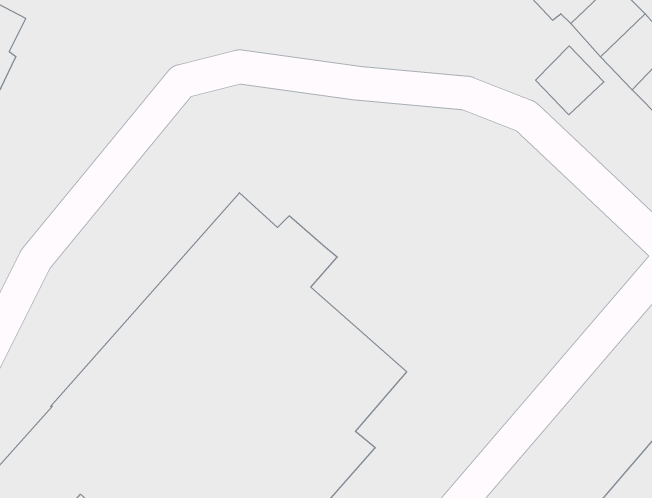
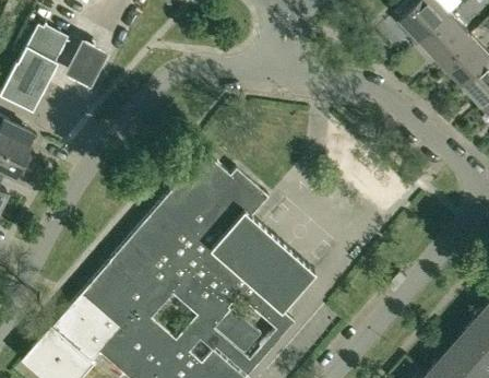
building: none -> [65,39,108,86]
building: [536,46,604,115] -> none

